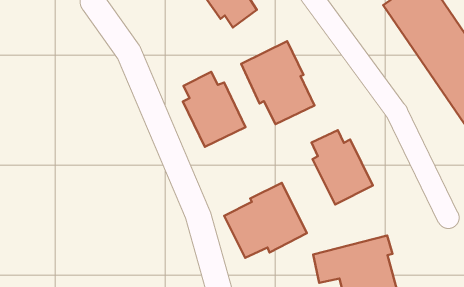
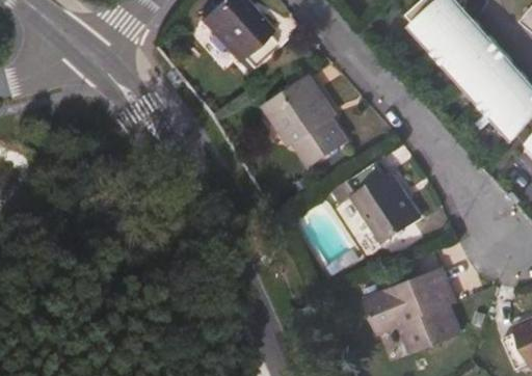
building: [183,72,245,147] -> none
building: [224,183,307,258] -> none

